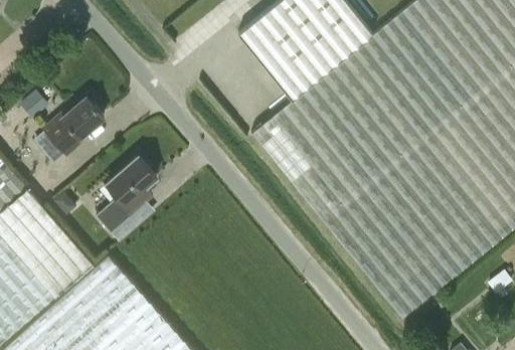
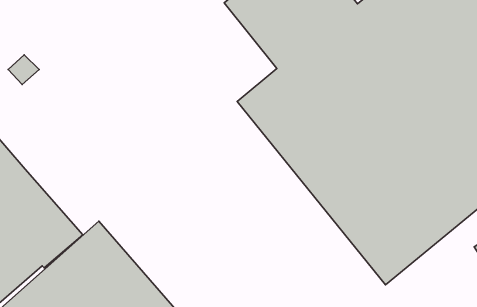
building: [43,99,104,157] -> none
building: [96,158,156,235] -> none

